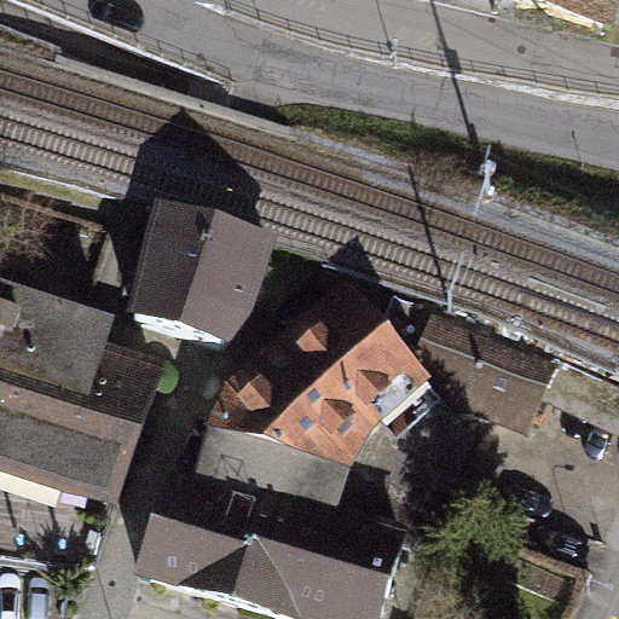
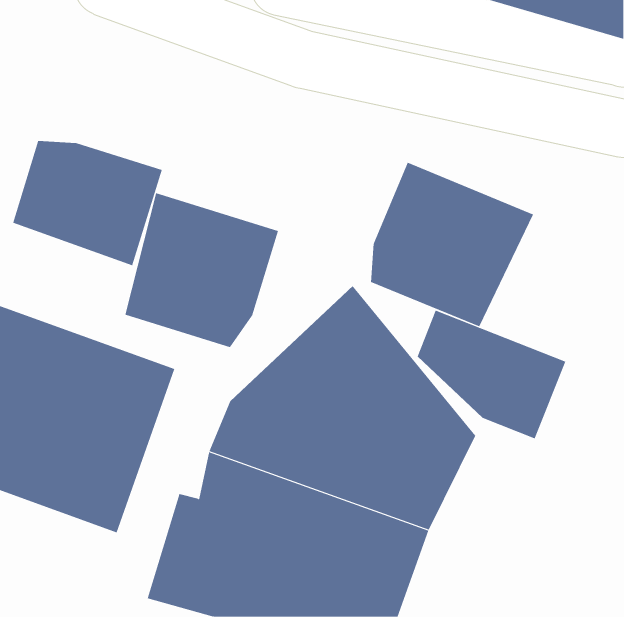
building: none -> [12,140,163,266]
building: none -> [370,162,534,327]

